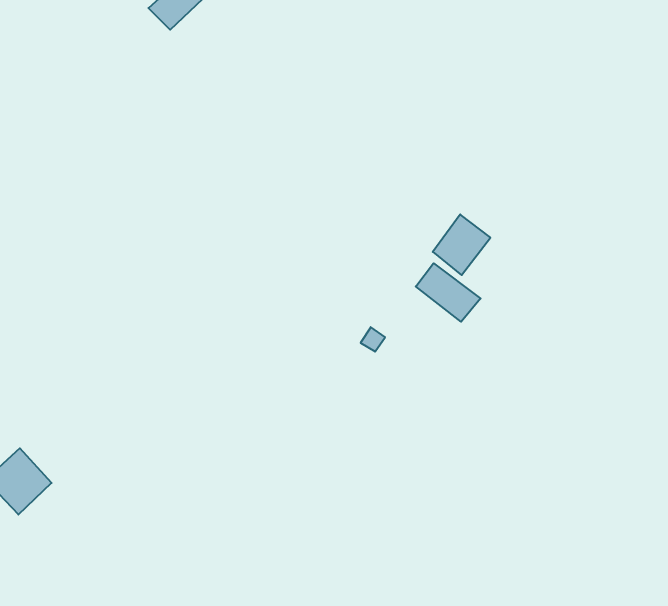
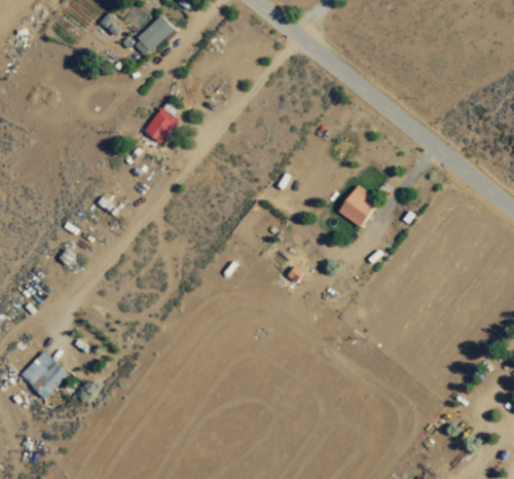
building: none -> [144,101,178,142]
building: [416,263,481,322] -> none

